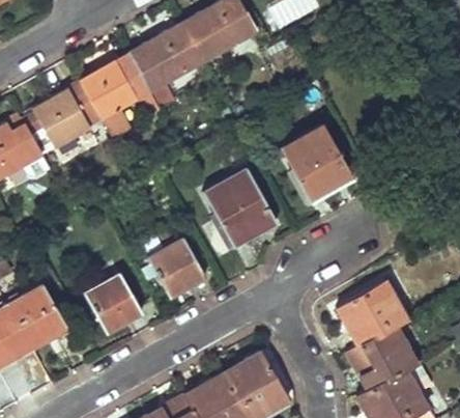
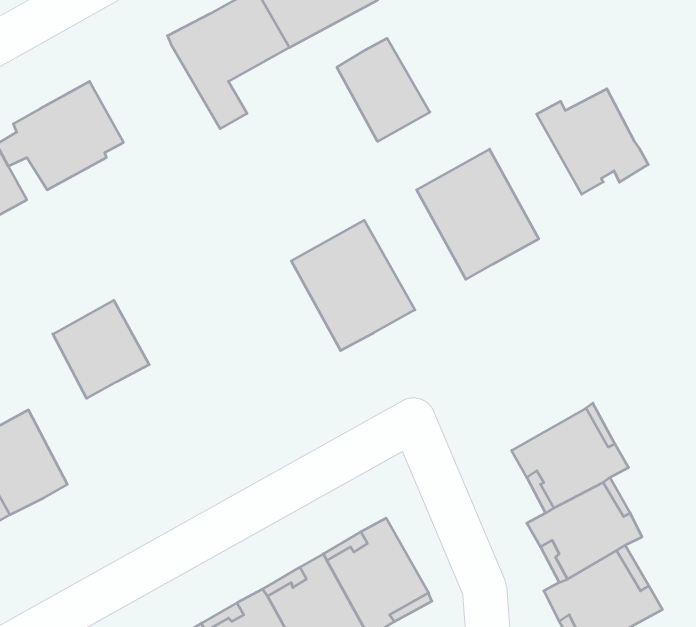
building: none -> [337,38,430,141]
building: [80,59,160,140] -> none
building: none -> [537,89,648,194]
building: [148,239,206,298] -> none
building: [84,274,143,334] -> [53,300,149,398]

